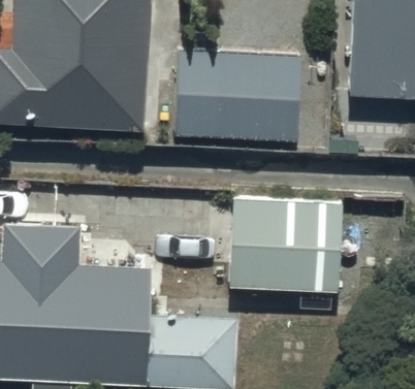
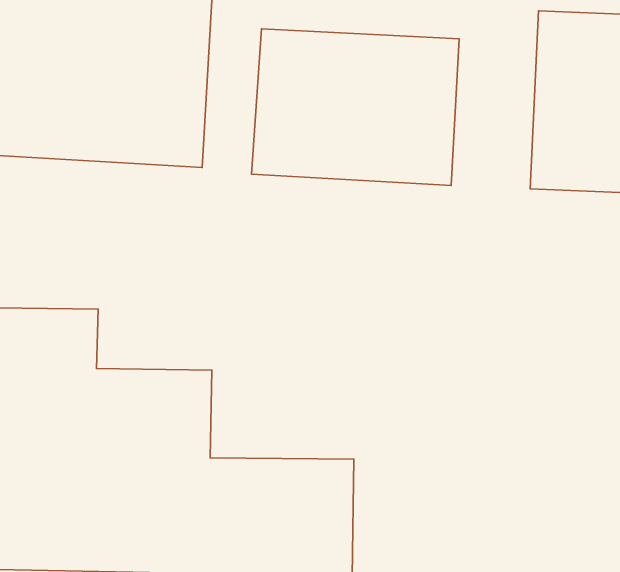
building: [232,198,350,293] -> none

